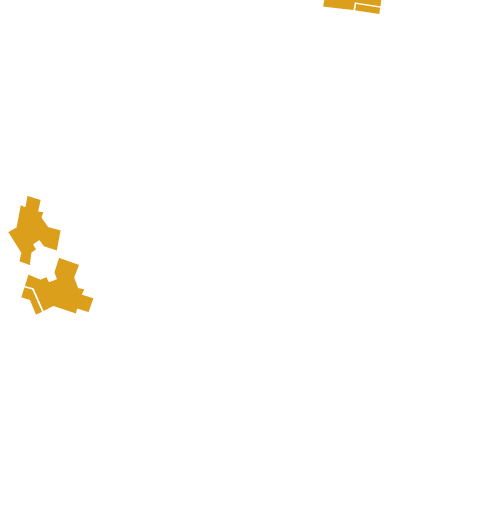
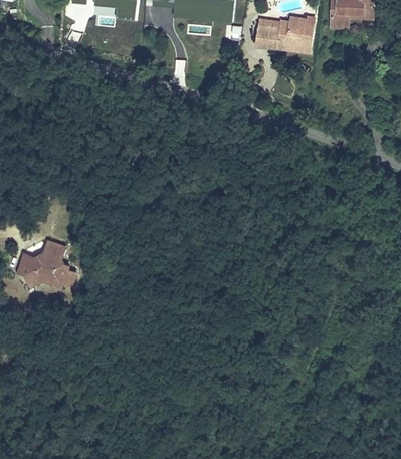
building: [7,195,61,266] -> none

